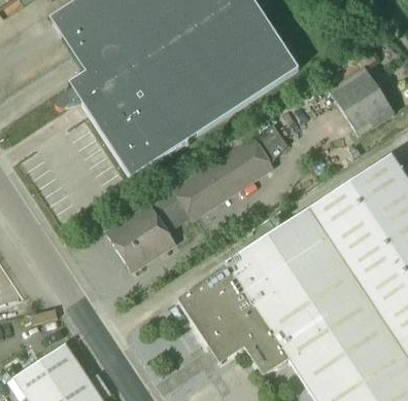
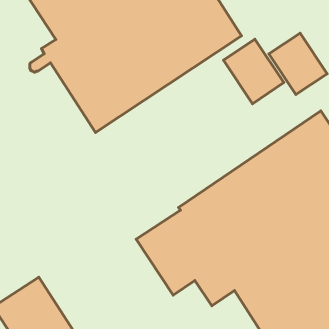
building: none -> [223,39,284,104]
building: [106,122,286,268] -> none

